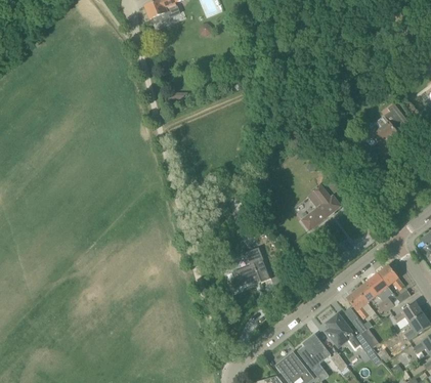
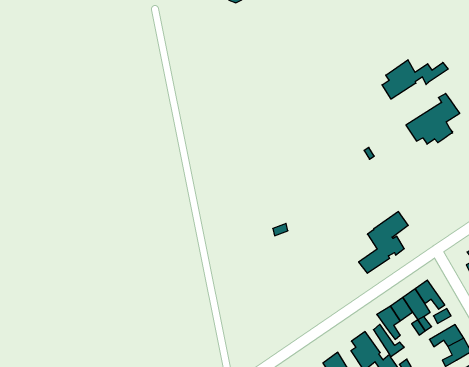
building: none -> [382,60,448,99]
building: [301,174,342,229] -> [359,212,408,273]
building: [230,248,269,287] -> none

